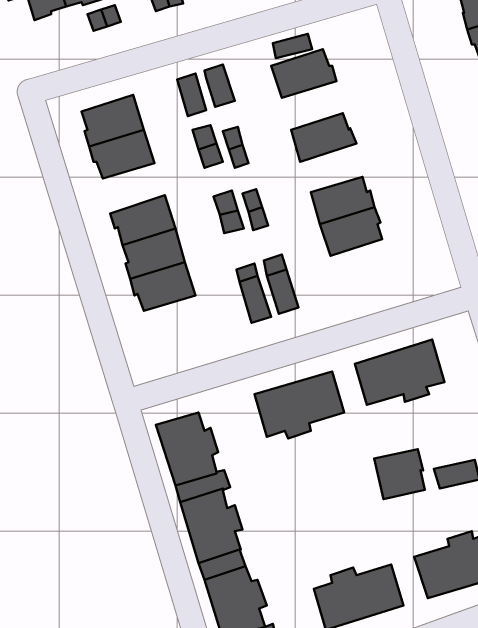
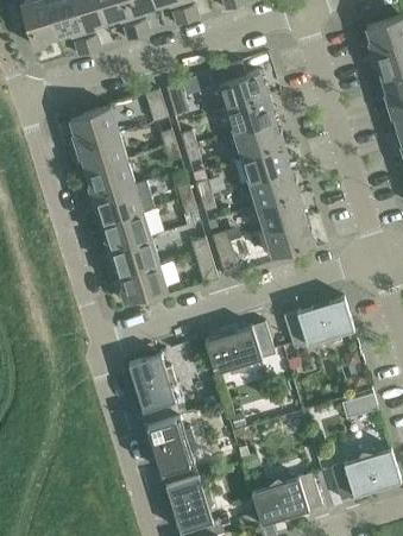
building: none -> [227,96,275,134]
building: none -> [241,145,290,183]
building: none -> [87,160,136,200]
building: none -> [265,220,315,258]
building: none -> [119,264,168,304]
building: [374,449,425,499] -> none

